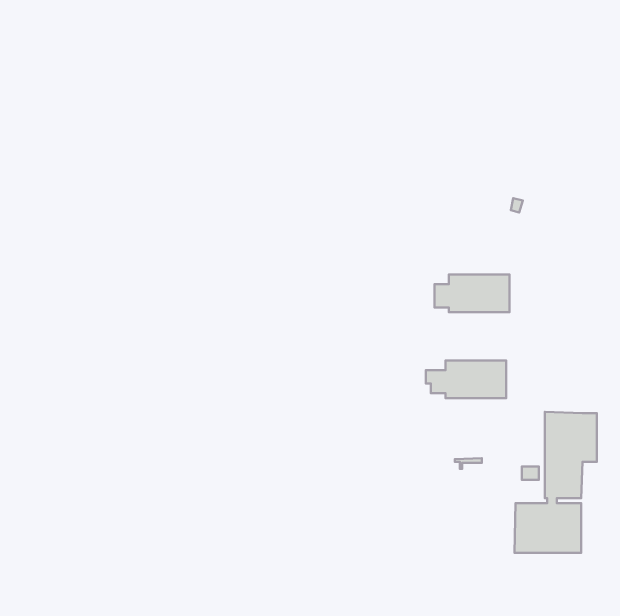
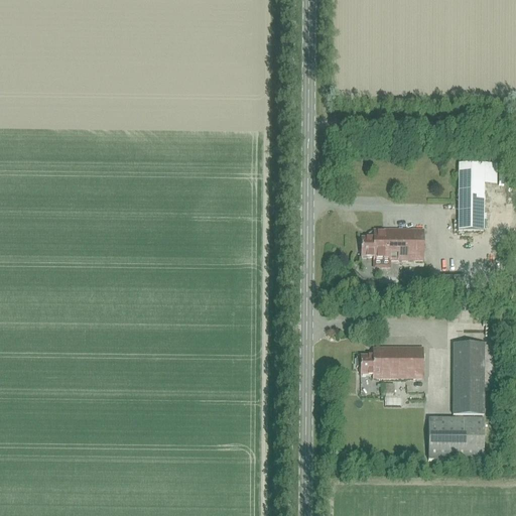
building: none -> [458,161,484,229]
building: [426,361,506,398] -> [356,346,422,377]

